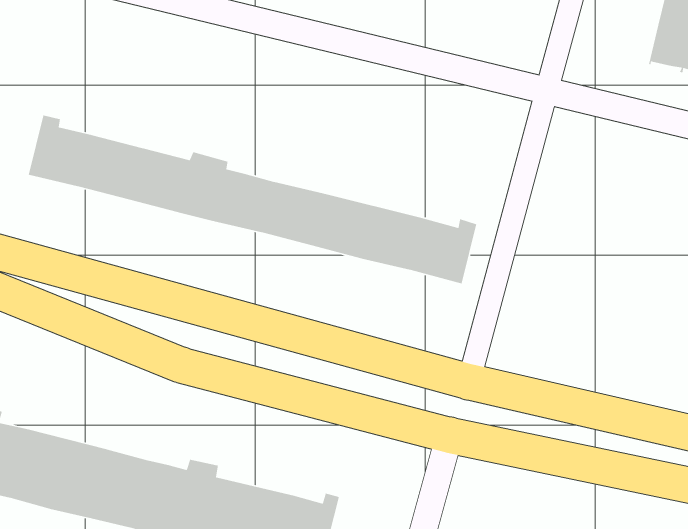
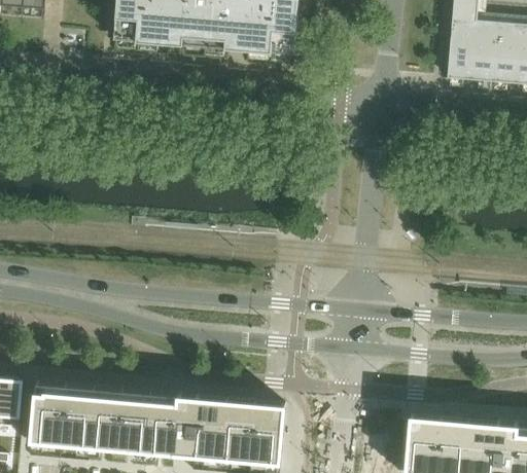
building: [28,114,477,284] -> none

